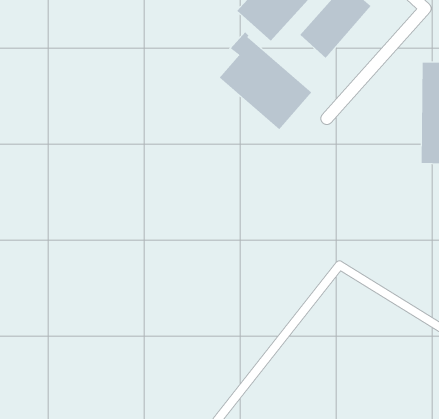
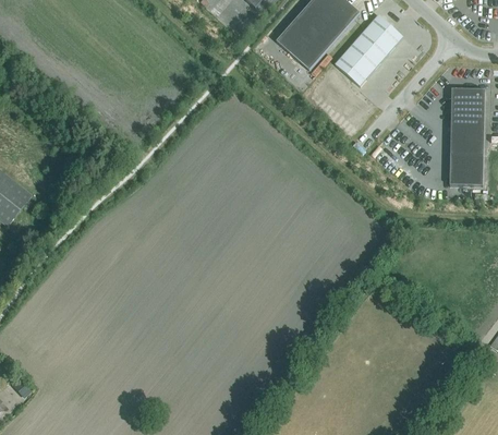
building: [219,32,312,130] -> none

